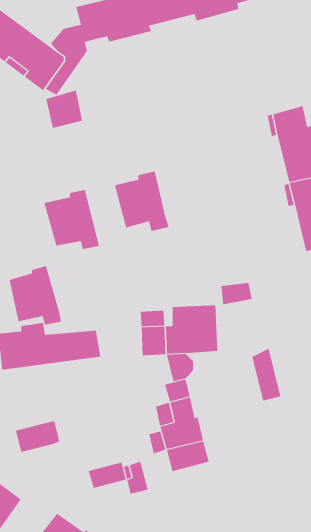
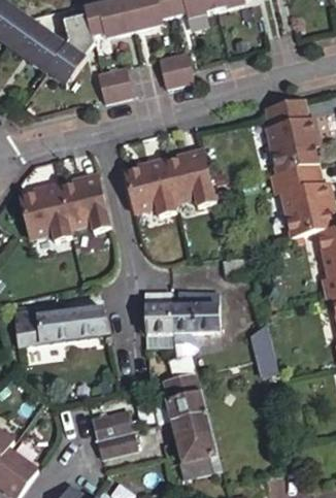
building: none -> [160,49,197,86]
building: [45,90,83,129] -> [99,65,134,101]
building: none -> [161,151,212,208]
building: [9,265,62,325] -> [20,188,69,243]
building: [15,421,60,453] -> [92,410,134,440]
building: none -> [175,432,220,477]

